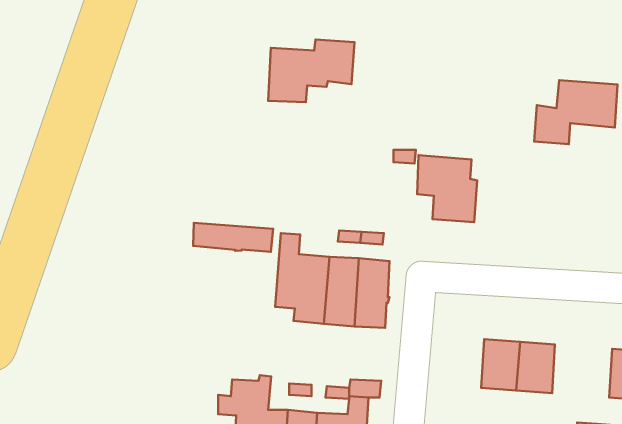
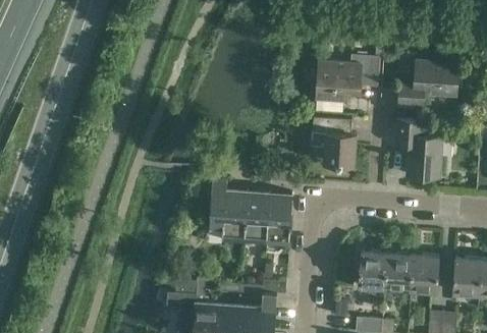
building: [268,39,354,102] -> [317,54,380,100]
building: none -> [394,120,441,178]
building: [193,223,273,252] -> none
building: none -> [411,255,439,292]

